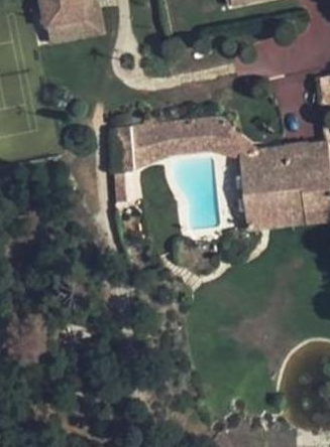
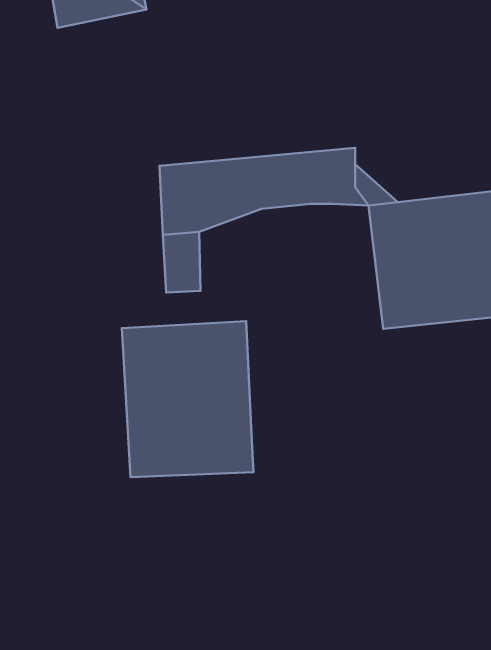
building: none -> [122,321,253,477]

